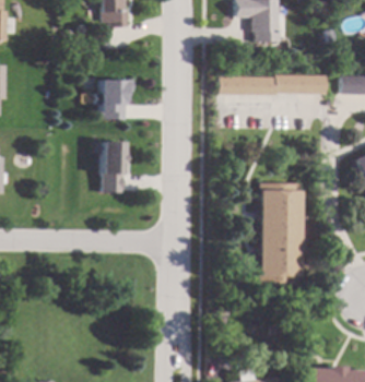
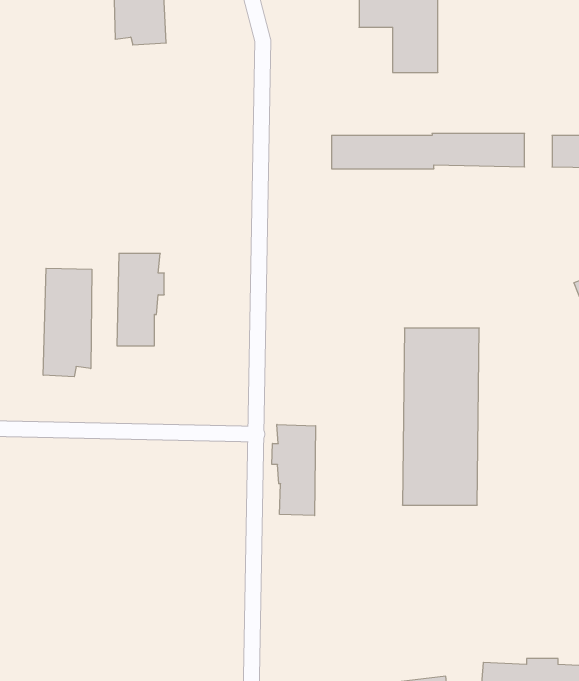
building: [99,80,129,120] -> none
building: none -> [43,268,92,377]
building: none -> [272,424,316,516]

